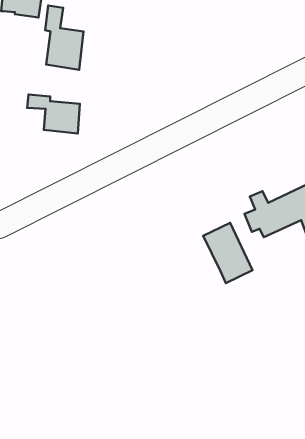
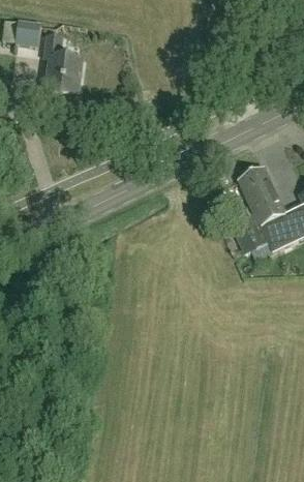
building: [27,94,80,134] -> none
building: [203,223,253,283] -> [238,165,285,223]

